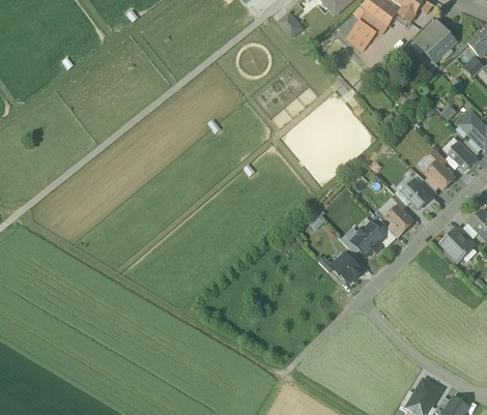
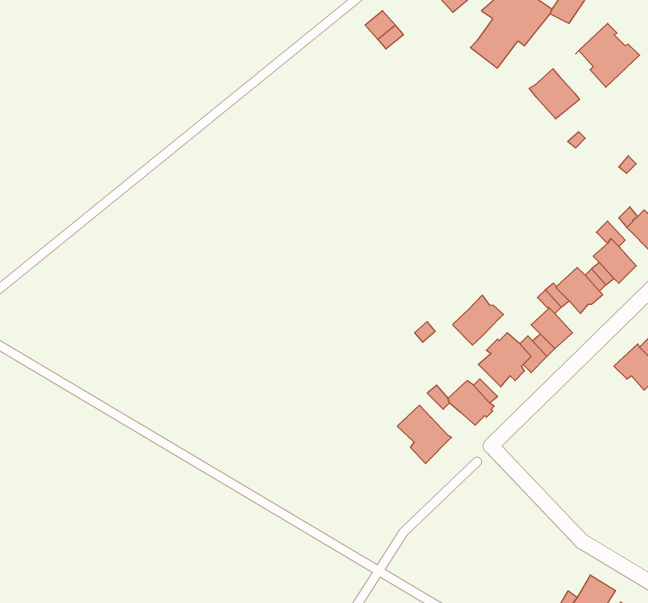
building: none -> [529,69,579,119]
building: none -> [453,295,503,345]
building: none -> [397,405,452,464]

